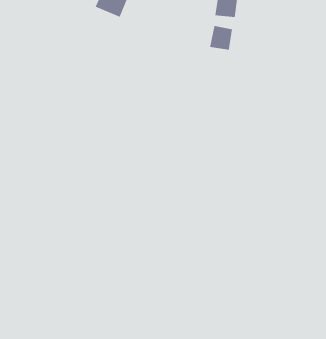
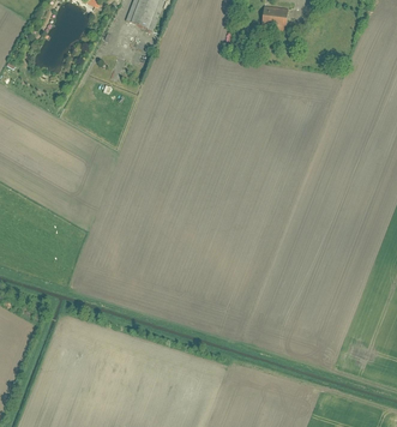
building: [210,25,232,50] -> none

